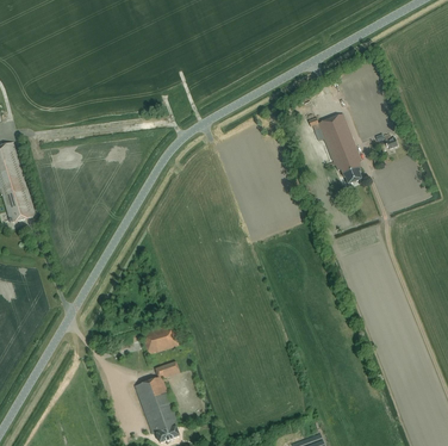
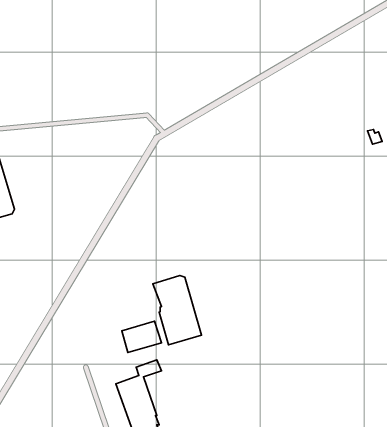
building: [309,113,361,184] -> none
building: none -> [153,275,201,345]

